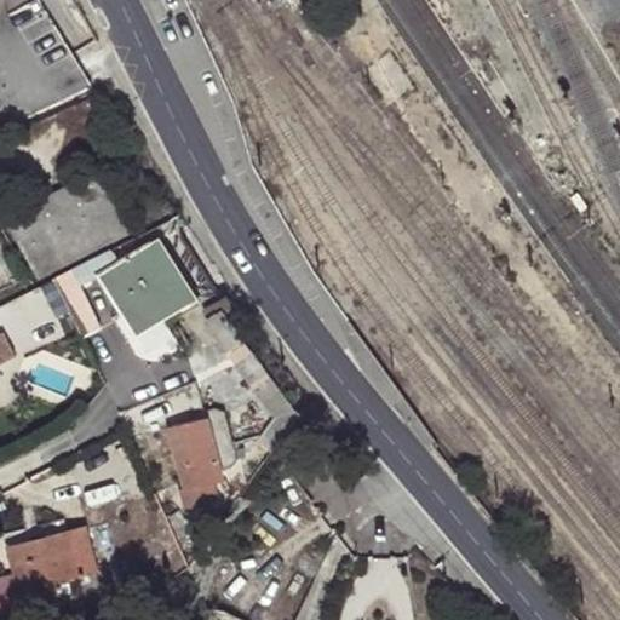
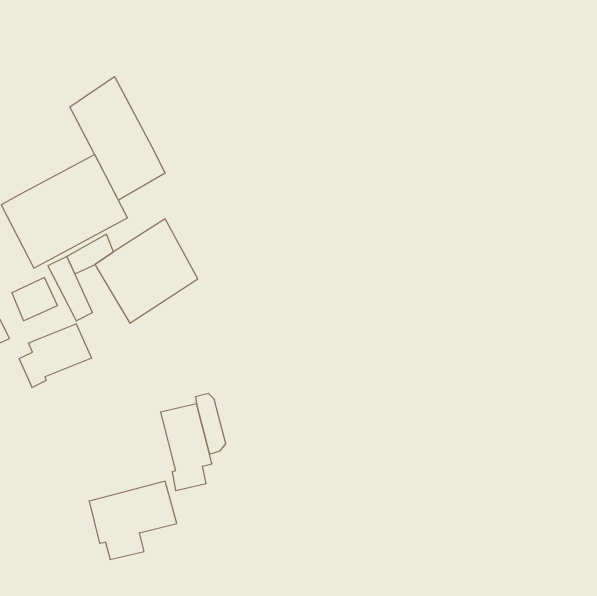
building: none -> [70,77,165,200]
building: none -> [19,324,91,388]
building: [5,530,96,612] -> [89,481,177,560]

